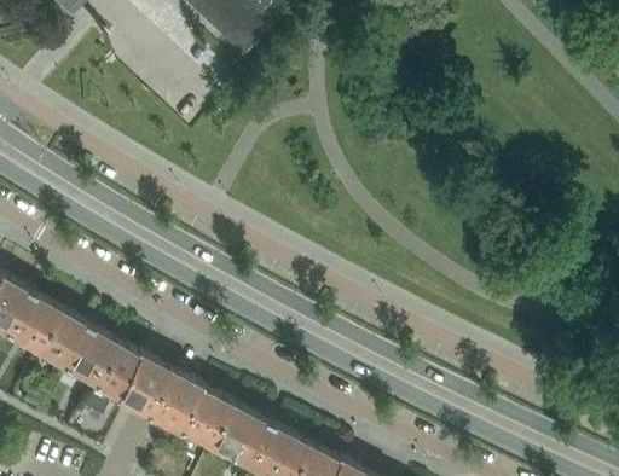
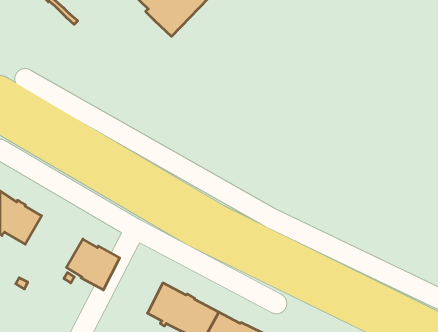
building: [36,309,117,382] -> none
building: [146,368,230,446] -> none

